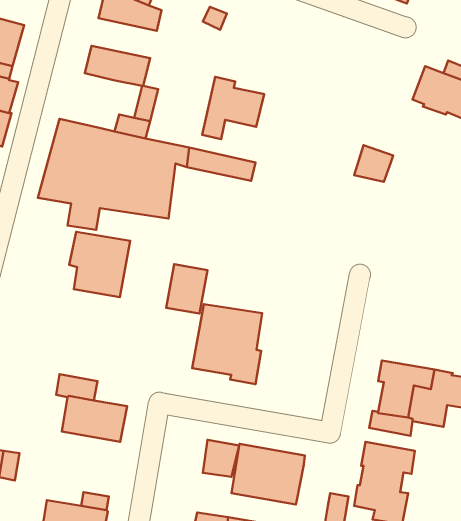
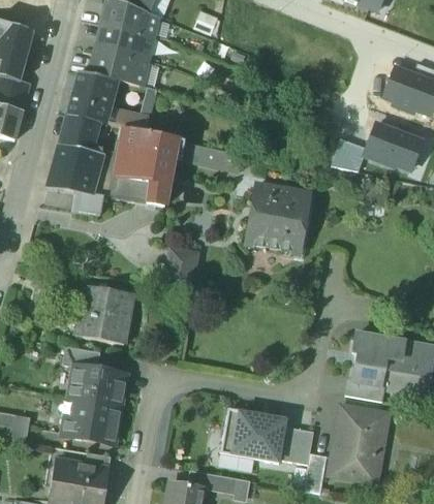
building: none -> [95,24,154,60]
building: none -> [66,71,115,123]
building: [202,77,264,139] -> none
building: none -> [365,124,421,169]
building: [69,232,130,297] -> [79,284,133,343]
building: [192,304,262,384] -> [246,185,309,257]
building: none -> [62,397,121,444]
building: [203,440,239,477] -> none
building: none -> [280,427,314,464]

